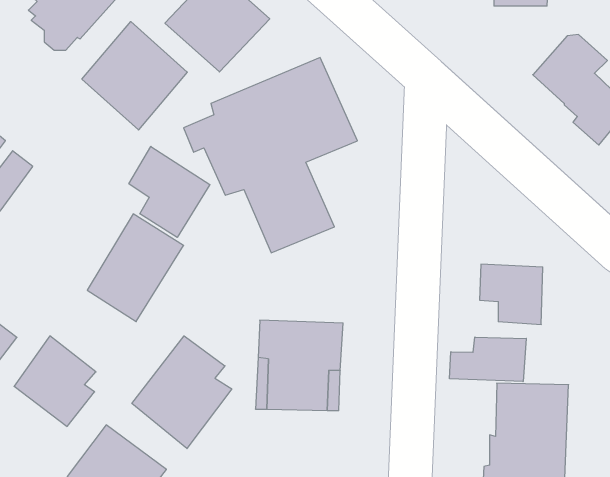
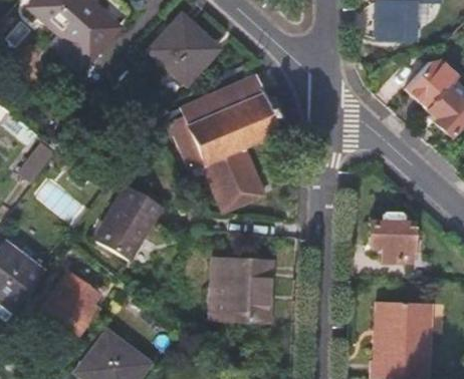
building: [82,22,187,130] -> none
building: [129,146,210,237] -> none
building: [132,336,232,449] -> none
building: [450,337,526,382] -> none

